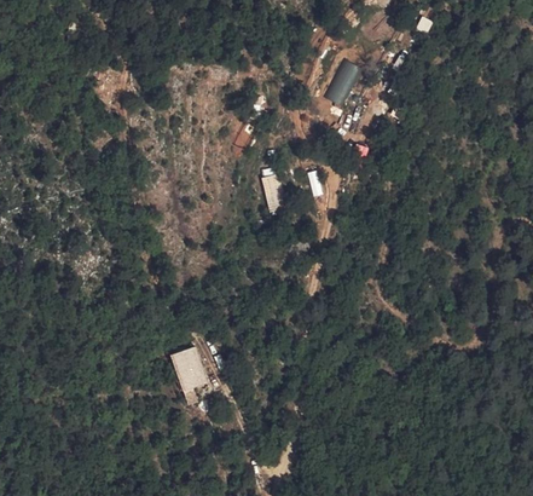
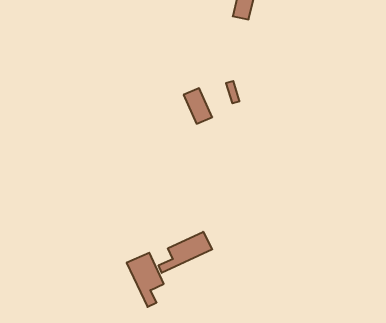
building: none -> [159,232,212,273]

